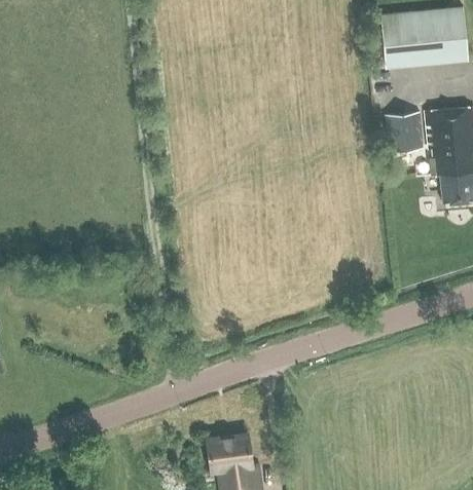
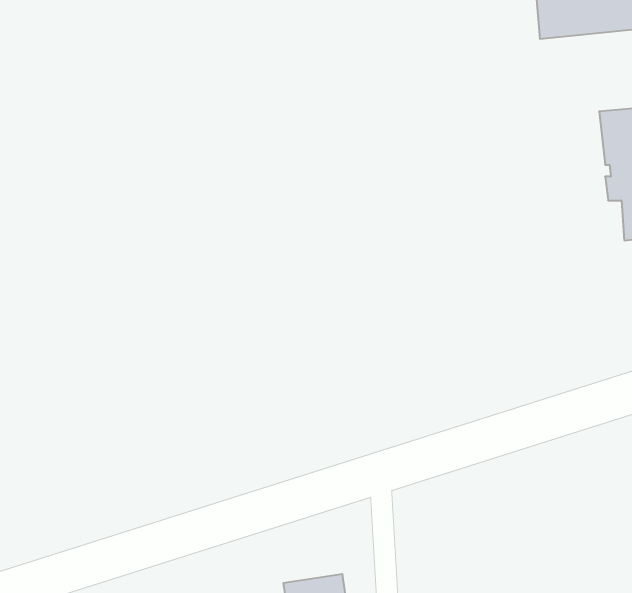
building: [386,113,425,153] -> none

